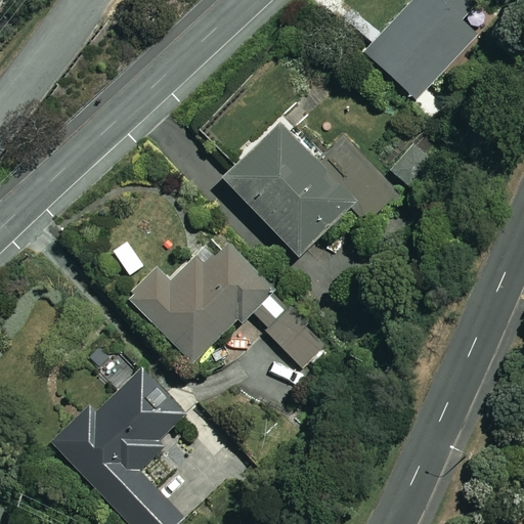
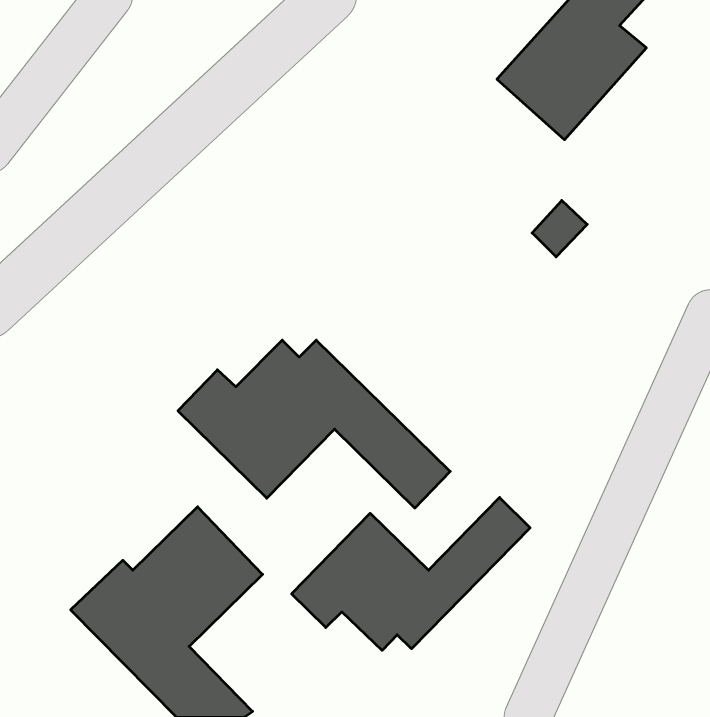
building: [226,125,392,257] -> none
building: none -> [292,497,530,650]

